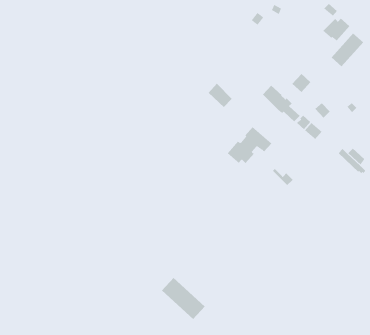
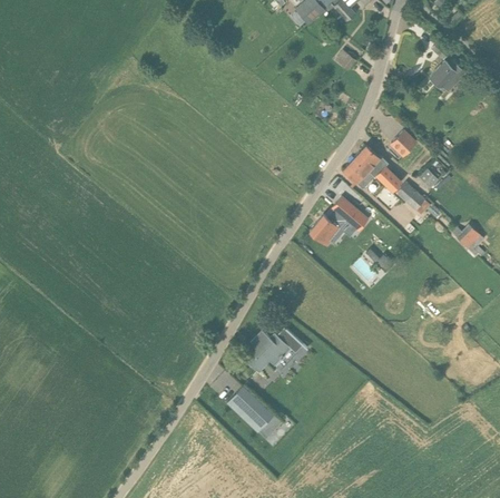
building: [331,32,364,67] -> none
building: [208,83,233,108] -> [343,156,374,187]
building: none -> [245,328,302,370]

